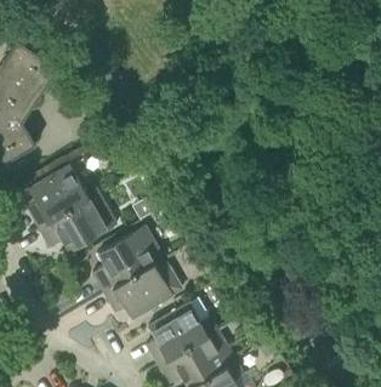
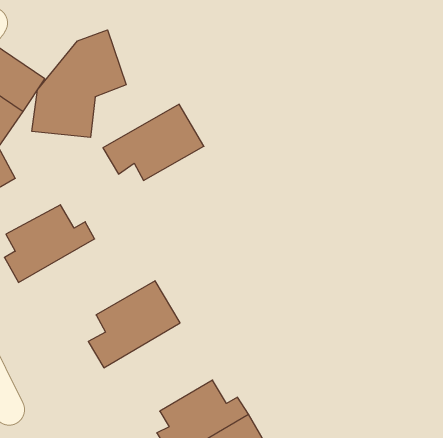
building: none -> [32,30,126,137]
building: [36,193,115,252] -> [103,104,204,180]
building: [103,258,171,320] -> none

